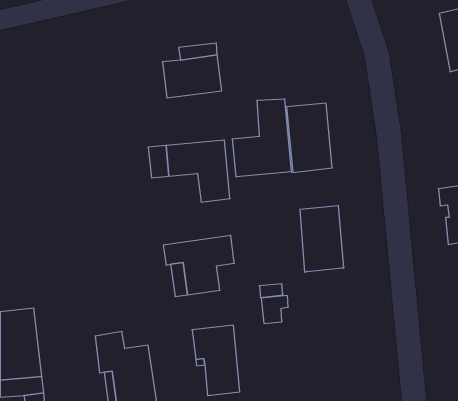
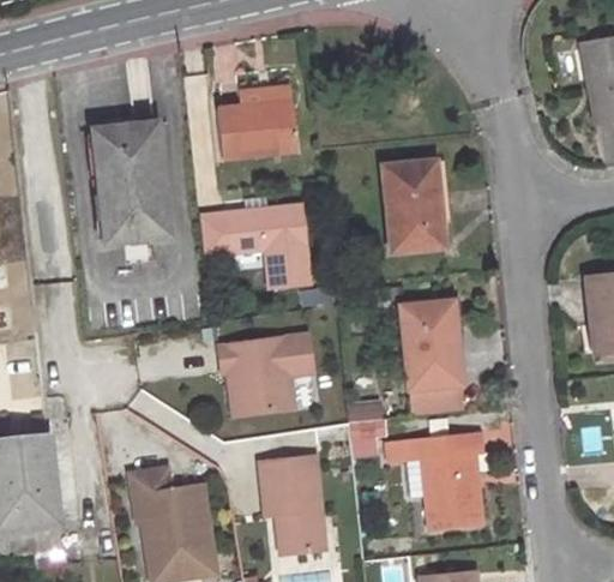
building: none -> [92,122,167,241]
building: [232,99,291,177] -> none
building: none -> [411,380,460,413]
building: none -> [386,430,482,527]

